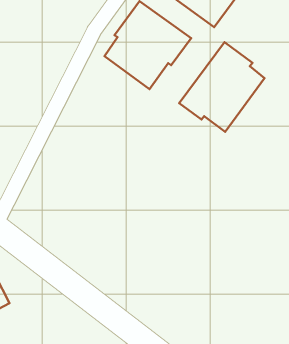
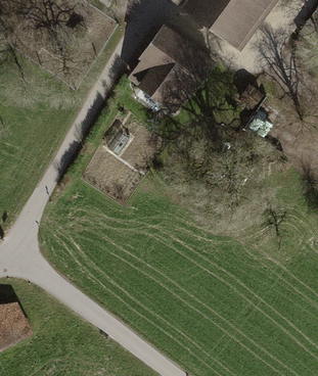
building: [179,42,265,132] -> none

